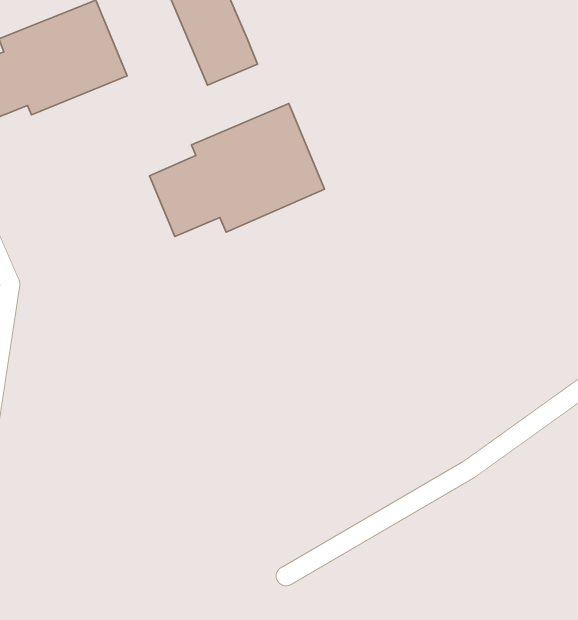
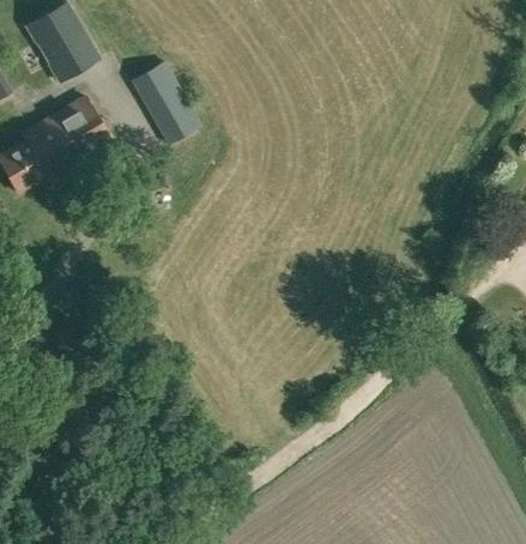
building: [150,104,324,236] -> none

